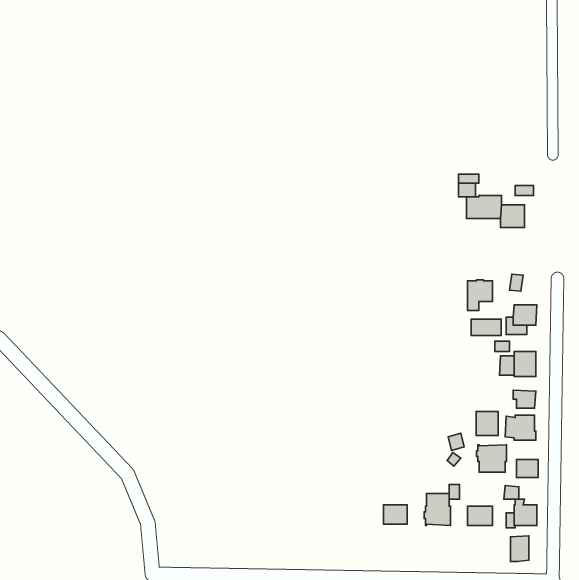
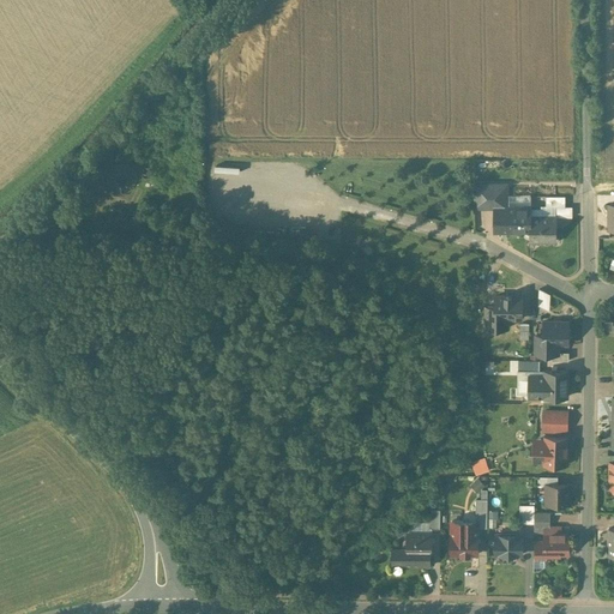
building: [471,319,501,336] -> none
building: [476,411,498,435] -> none
building: [476,445,507,472] -> none
building: none -> [390,548,428,567]
building: [510,536,529,561] -> none

